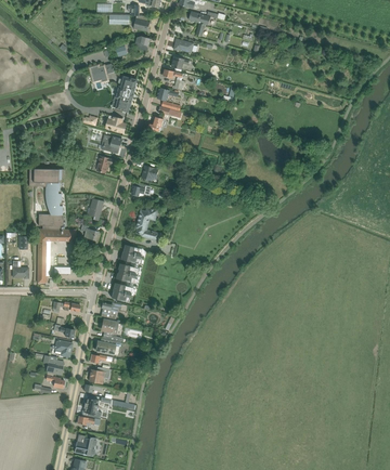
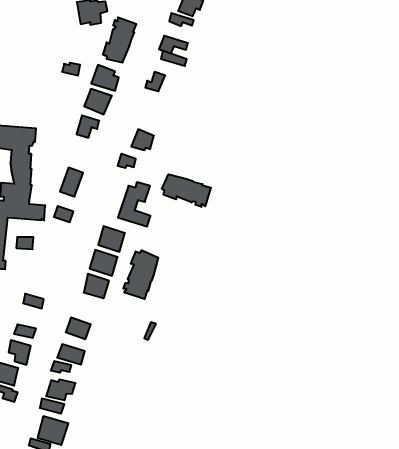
building: none -> [162,174,211,207]
building: none -> [123,250,158,299]

